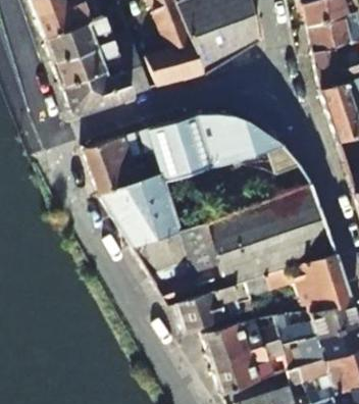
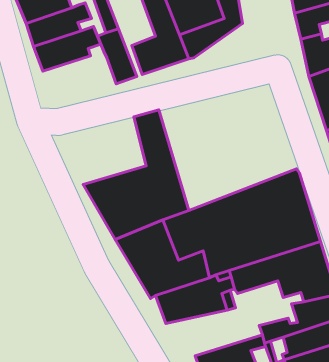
building: [59,68,132,113] -> none
building: [173,109,309,220] -> none
building: [83,129,161,195] -> none
building: [201,320,275,363] -> none

